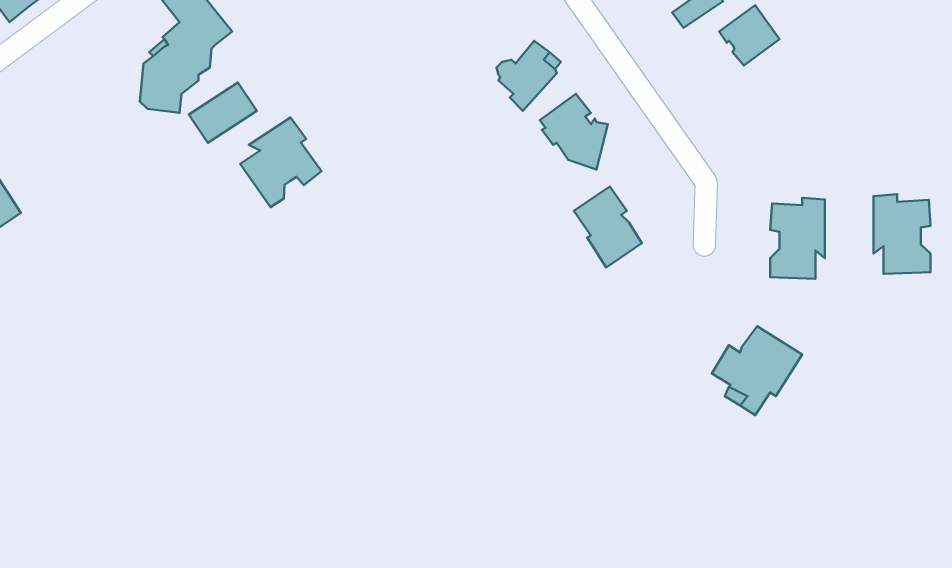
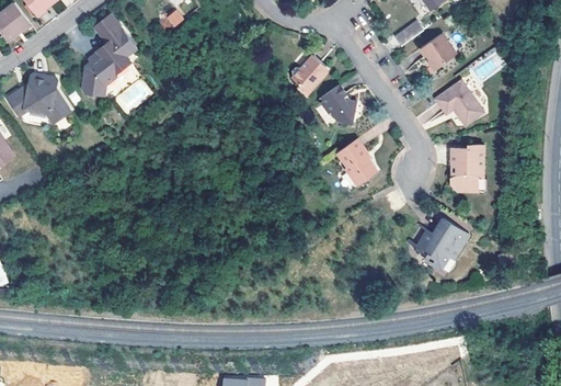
building: none -> [9,77,72,124]
building: none -> [435,81,483,123]
building: [240,118,322,207] -> none
building: [874,194,931,274] -> none

